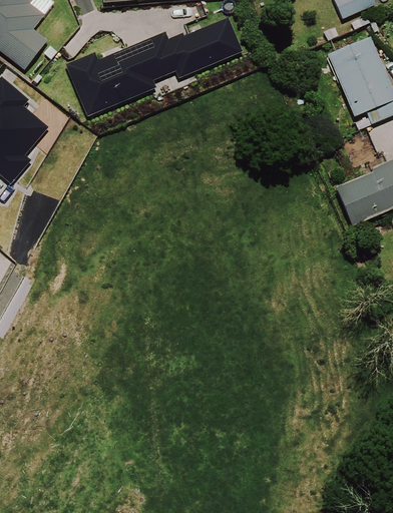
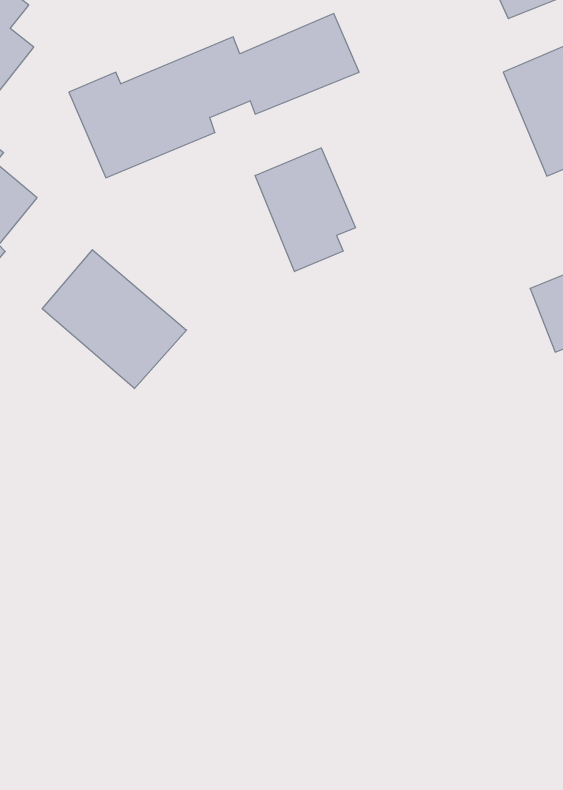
building: none -> [255,148,355,272]
building: none -> [42,250,187,389]

